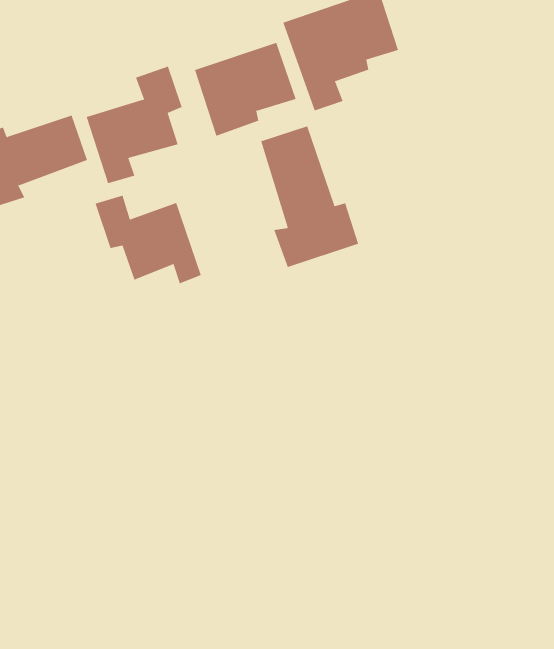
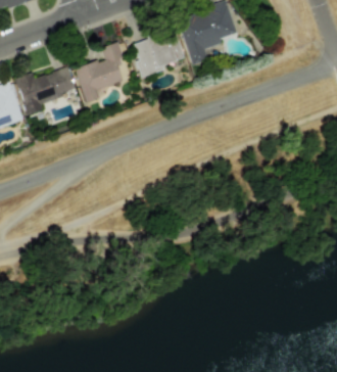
building: [260,126,359,268] -> none
building: [95,195,201,284] -> none

